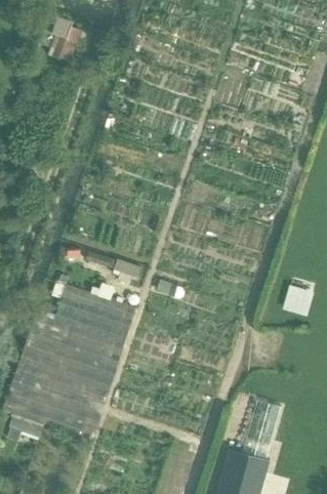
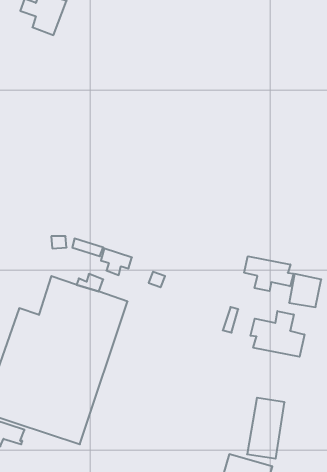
building: none -> [244,256,293,291]
building: none -> [250,311,304,357]

